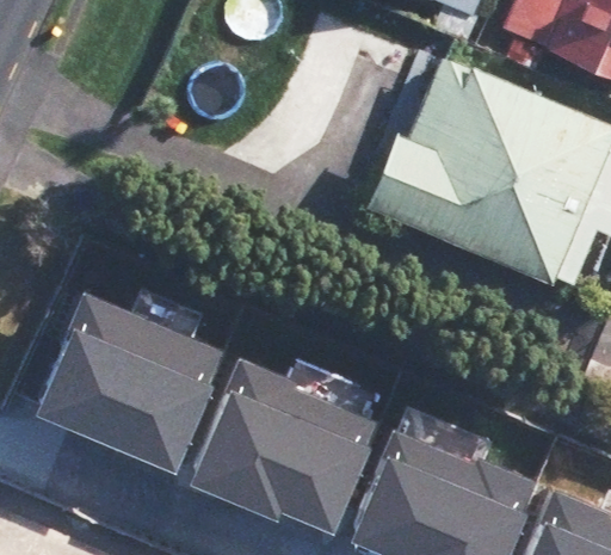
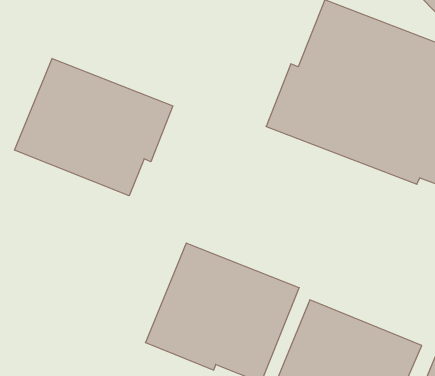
building: none -> [15,58,173,196]
building: [41,292,233,471] -> none

